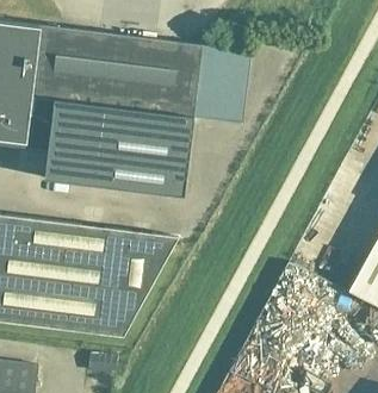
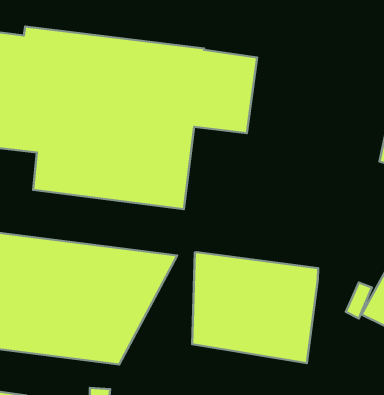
building: none -> [192,252,318,363]

